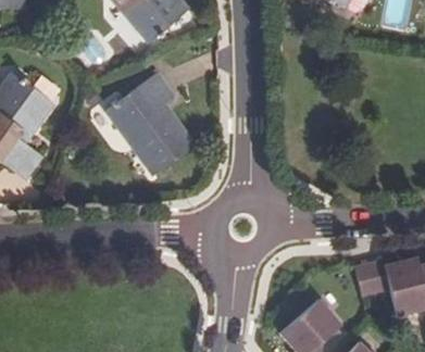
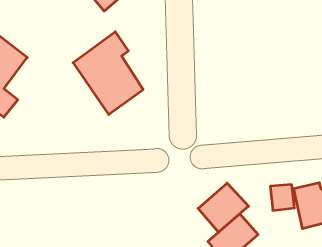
building: none -> [198,183,249,232]

